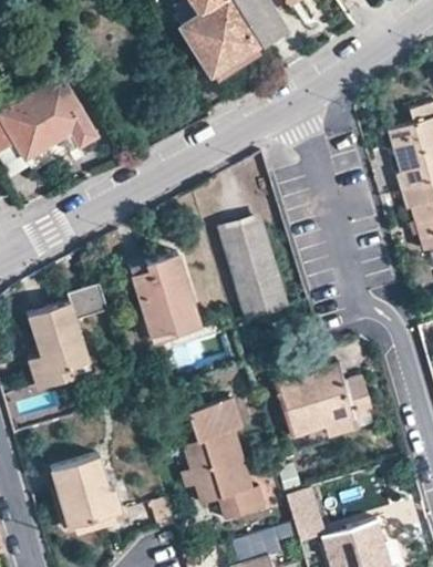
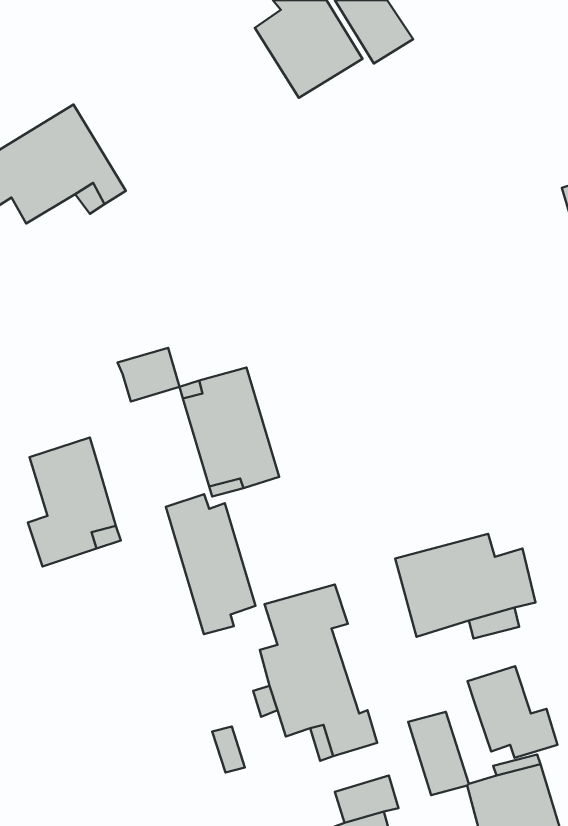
building: [221,220,286,317] -> none
building: [65,285,107,321] -> [118,348,180,402]
building: none -> [166,494,256,634]
building: [51,456,122,527] -> none
building: none -> [467,666,557,758]

